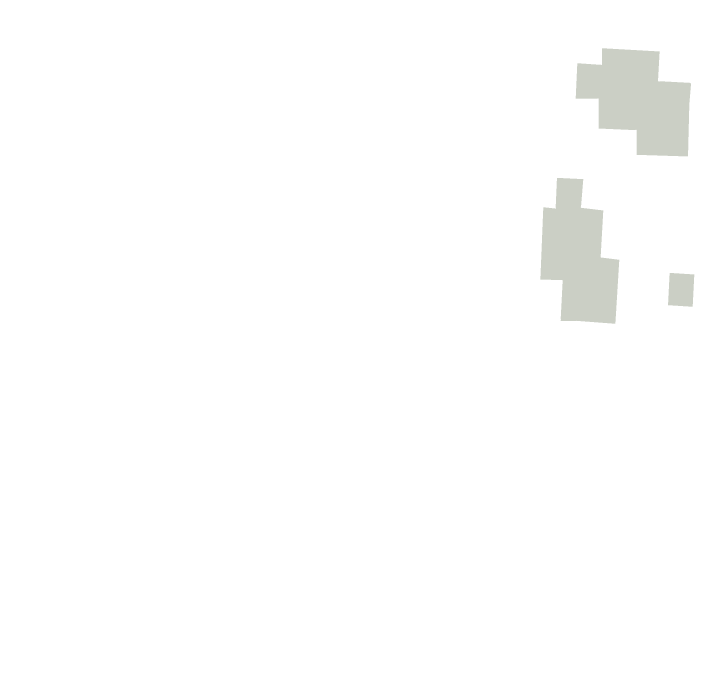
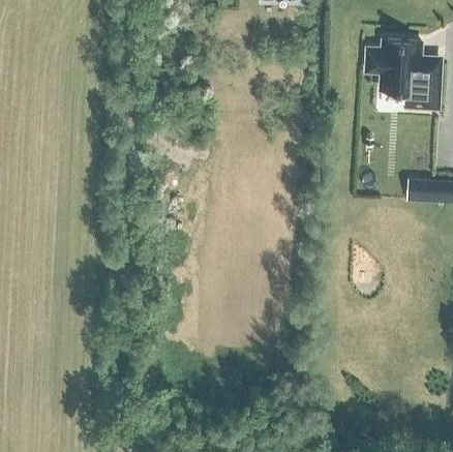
building: [540,177,620,325] -> none

